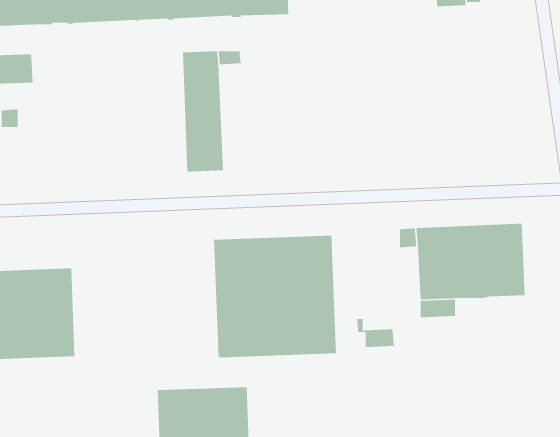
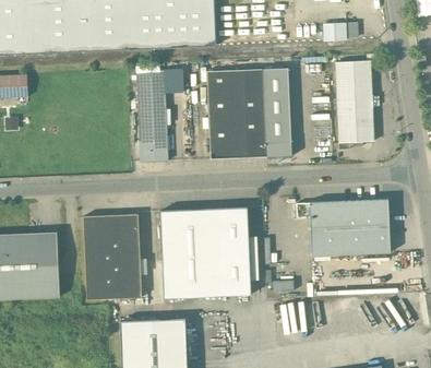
building: none -> [335,60,374,142]
building: none -> [207,68,291,159]
building: none -> [83,214,142,299]

